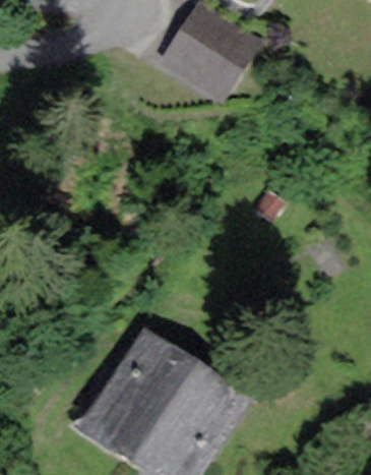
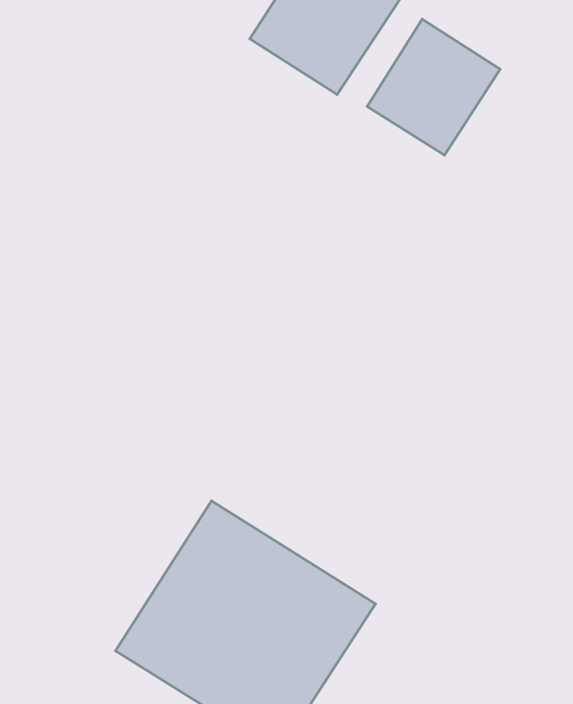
building: none -> [367,19,500,155]

